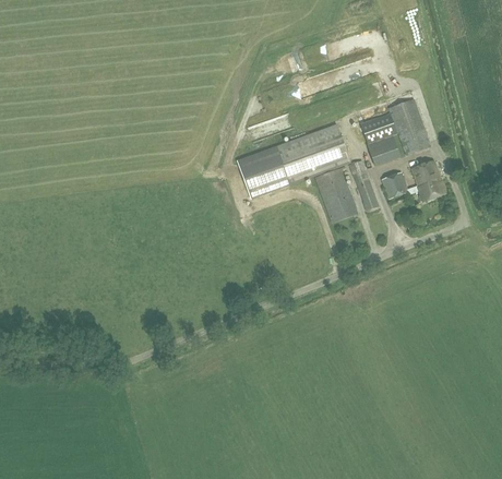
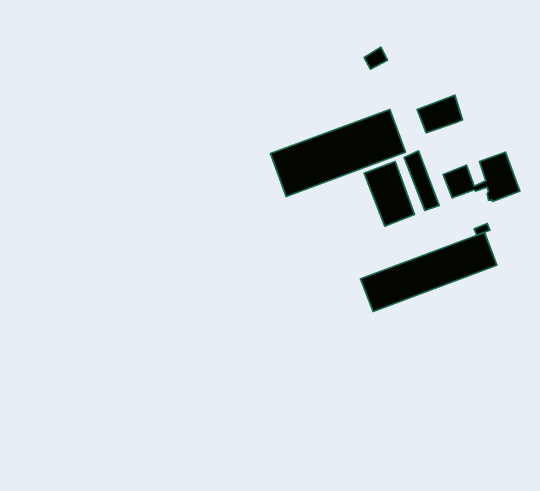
building: [389,97,429,152] -> none
building: [366,133,399,165] -> none
building: none -> [361,232,497,311]

